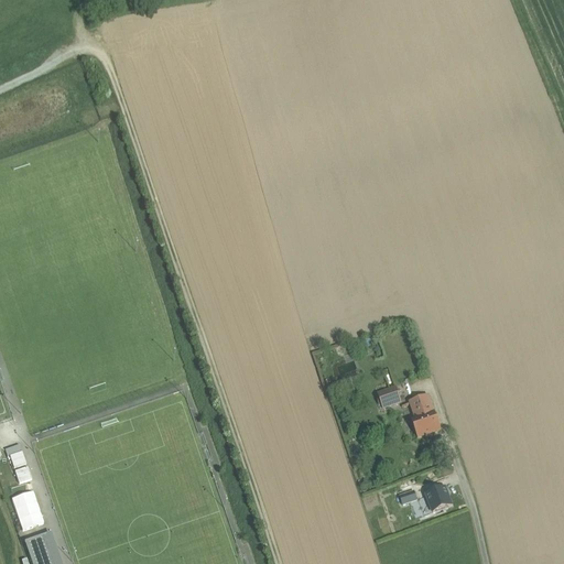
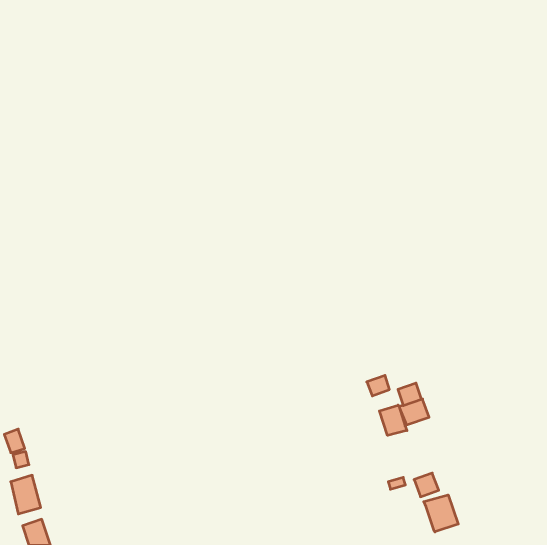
building: none -> [379,405,407,435]
building: none -> [424,495,458,532]

